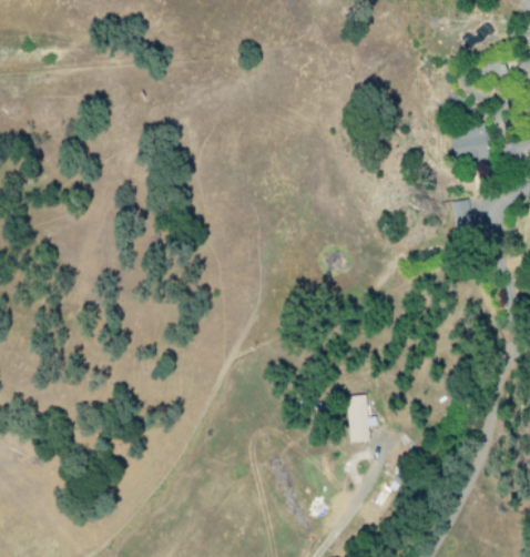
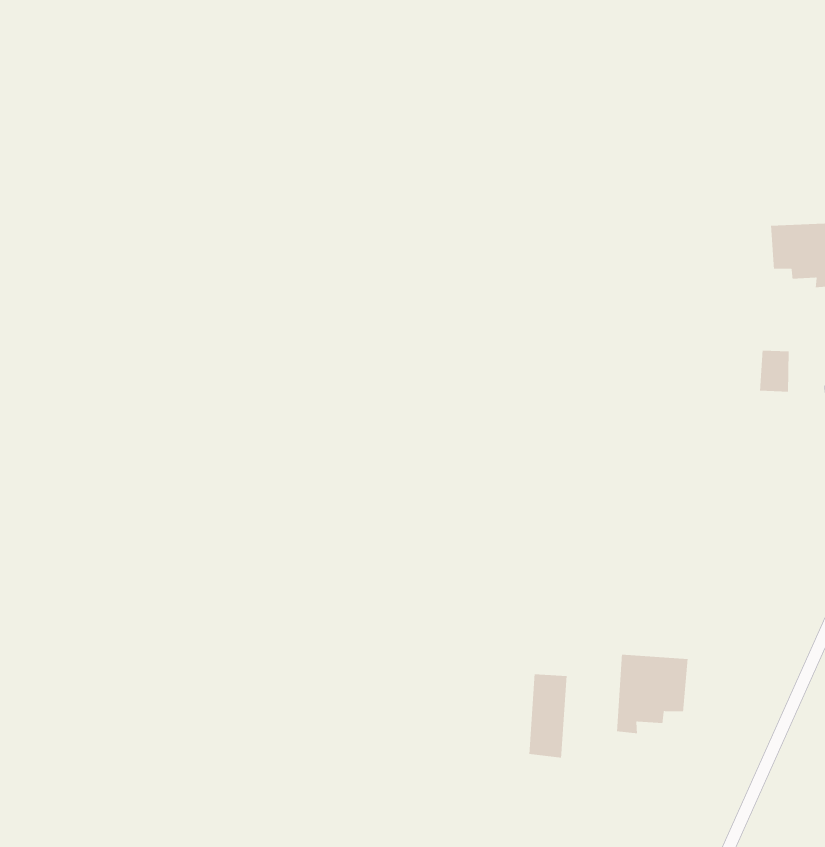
building: none -> [616,654,688,734]

